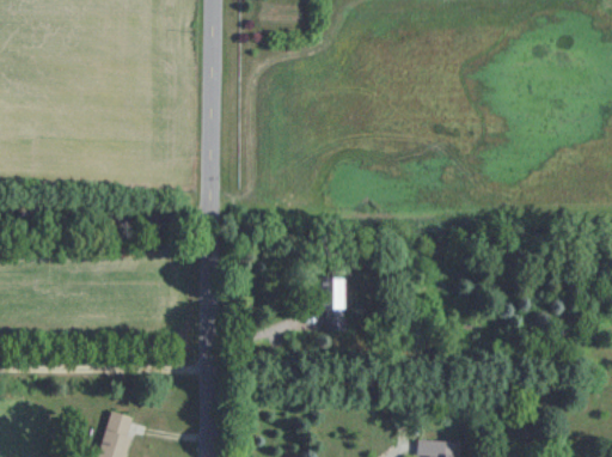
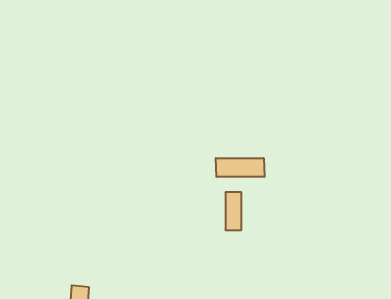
building: none -> [216,158,264,177]

